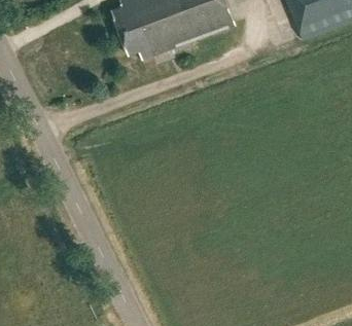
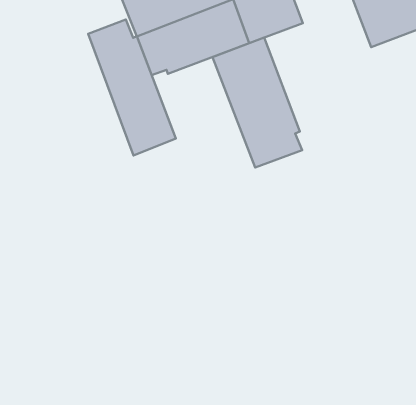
building: none -> [88,20,176,156]
building: none -> [213,38,302,168]

